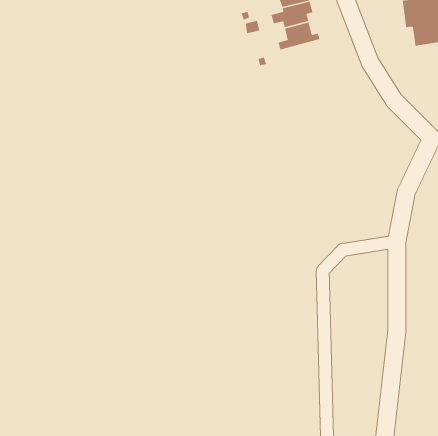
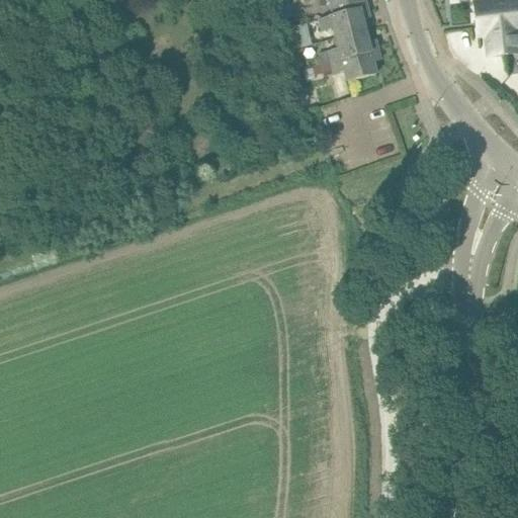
building: none -> [331,47,381,80]

